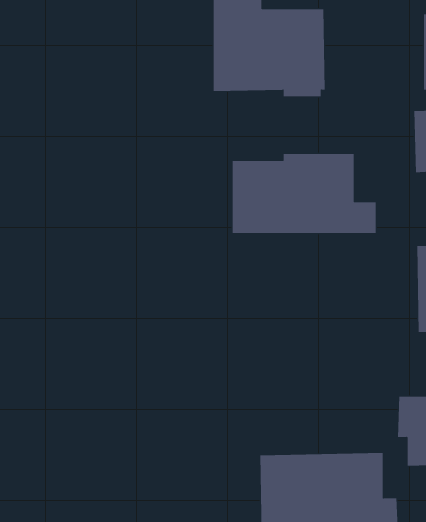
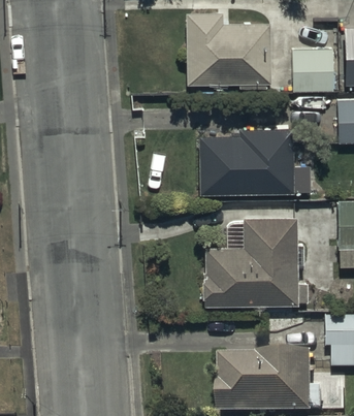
building: none -> [292,50,332,91]
building: none -> [203,217,310,305]

